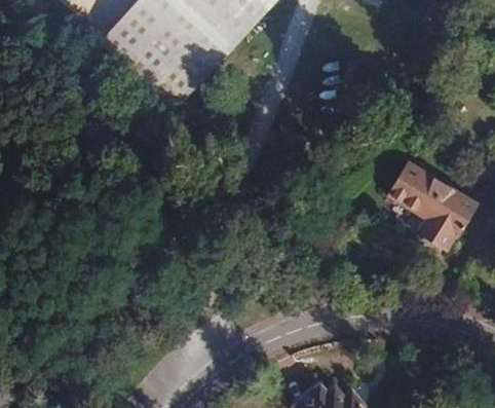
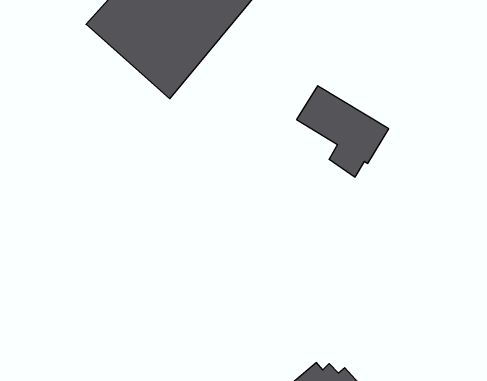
building: [388,162,479,252] -> [297,86,389,177]

